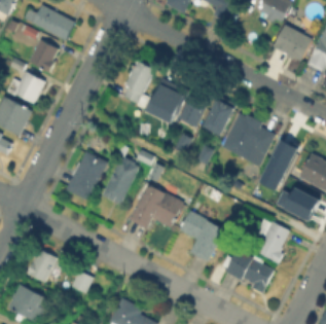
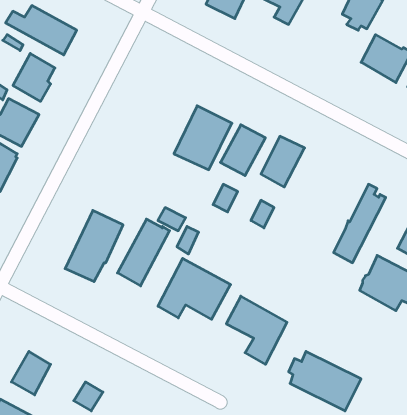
building: [120,59,151,106] -> none
building: [222,114,276,166] -> none
building: [255,216,289,264] -> none

